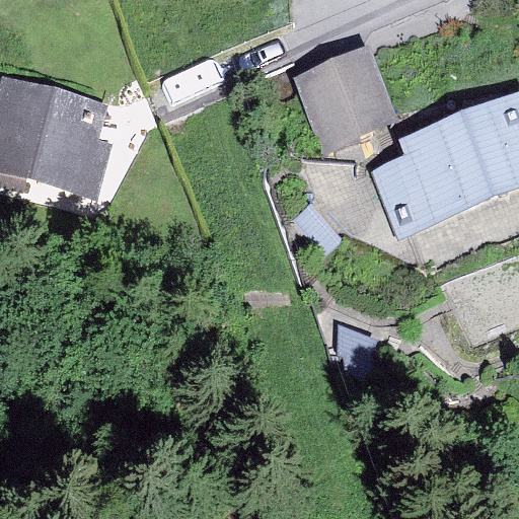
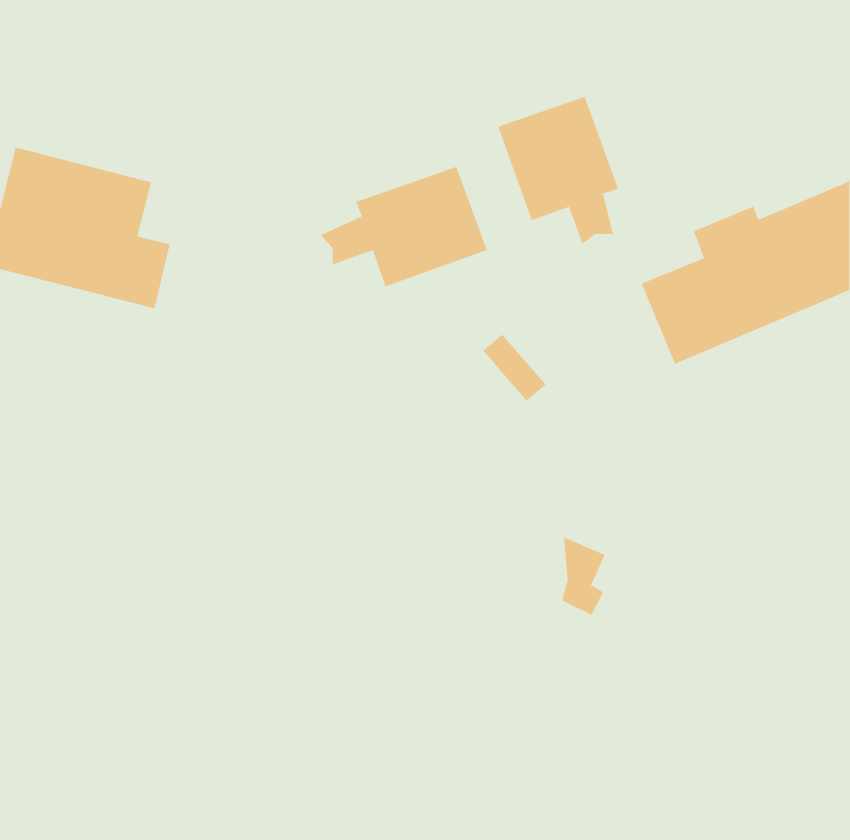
building: none -> [320,166,488,287]

